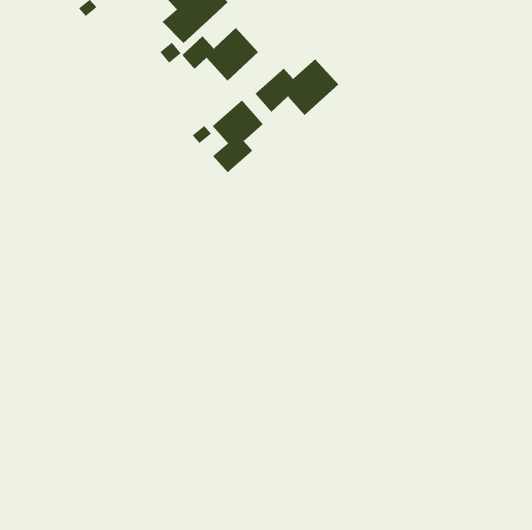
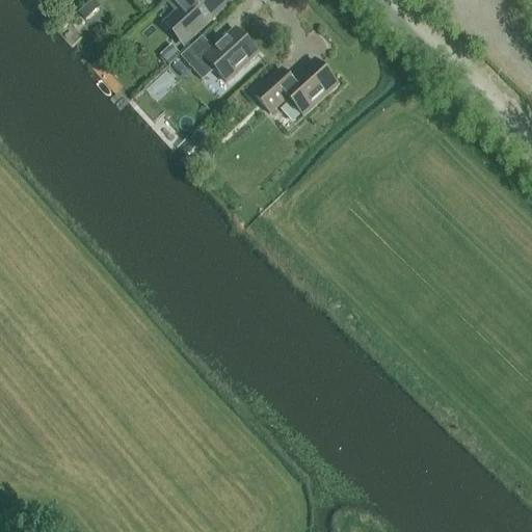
building: [212,99,263,173] -> none

